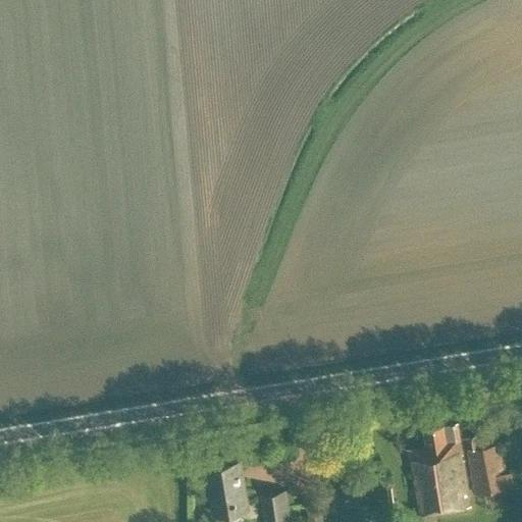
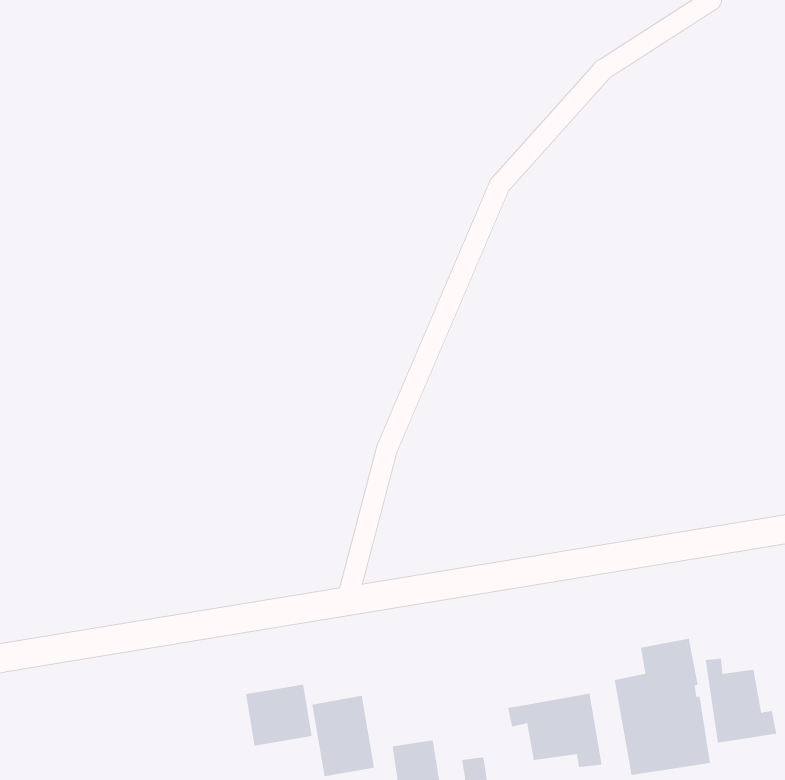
building: none -> [246,684,312,746]
building: none -> [507,693,602,768]

